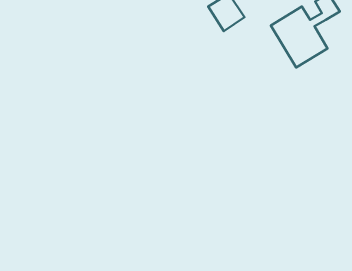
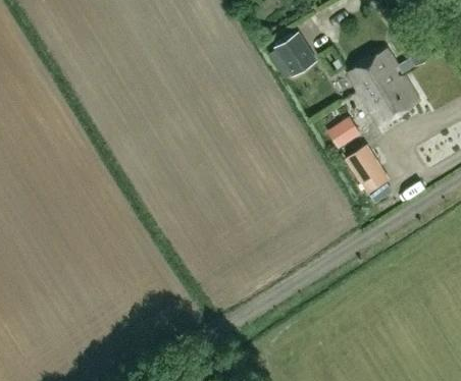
building: none -> [328,114,361,147]
building: none -> [351,150,390,192]

